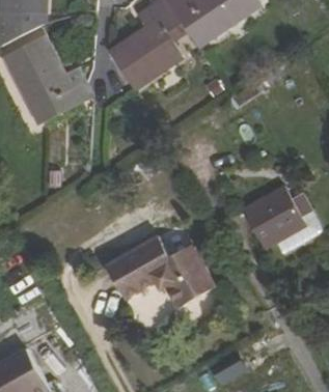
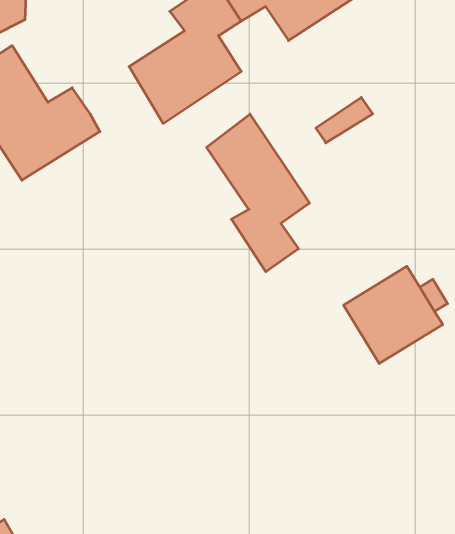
building: none -> [207,114,309,272]
building: [107,236,217,308] -> none

